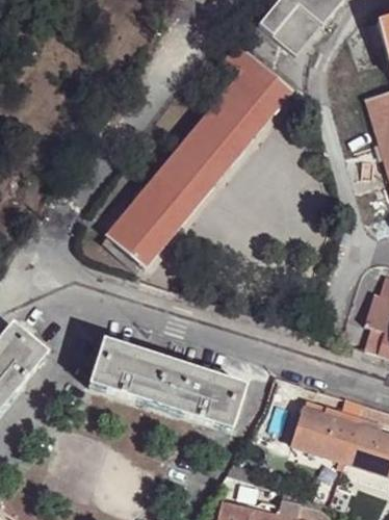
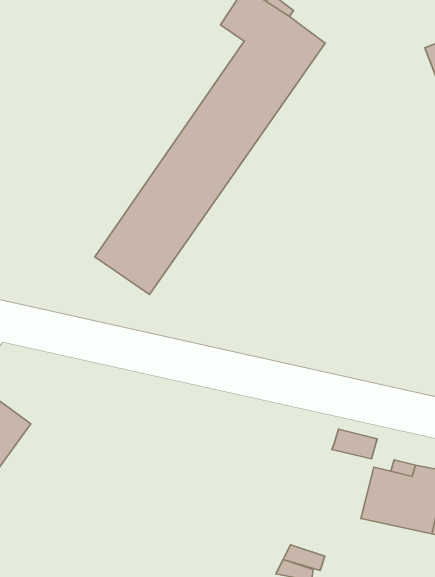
building: [92,341,248,432] -> none

